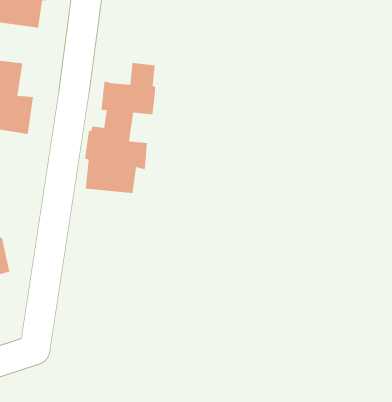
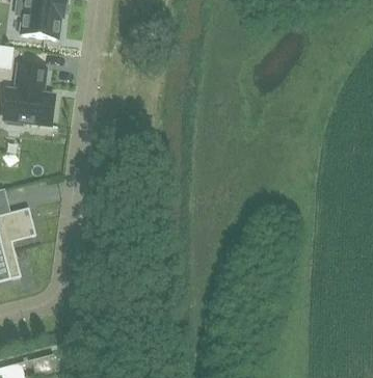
building: [84,62,156,194] -> none

